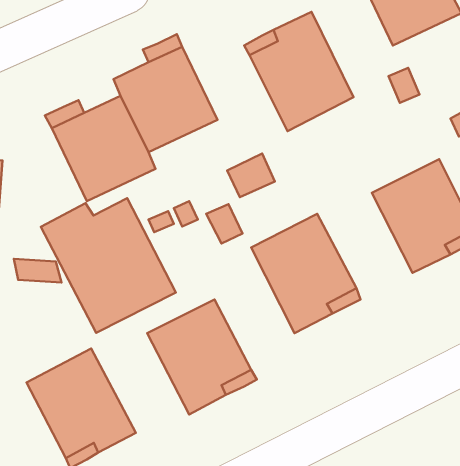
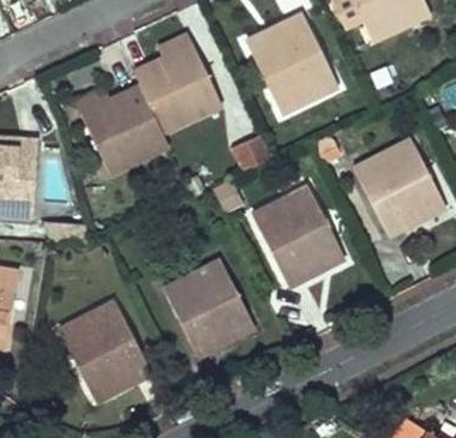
building: [41,198,176,333] -> none

